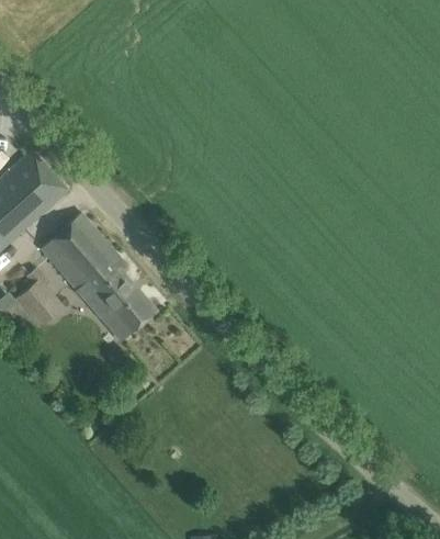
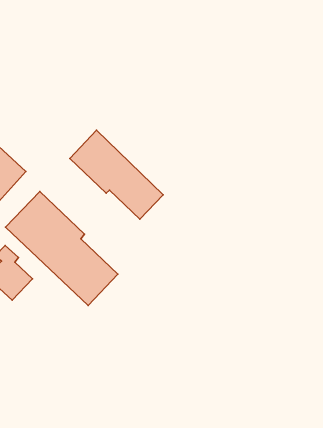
building: none -> [70,130,163,219]

